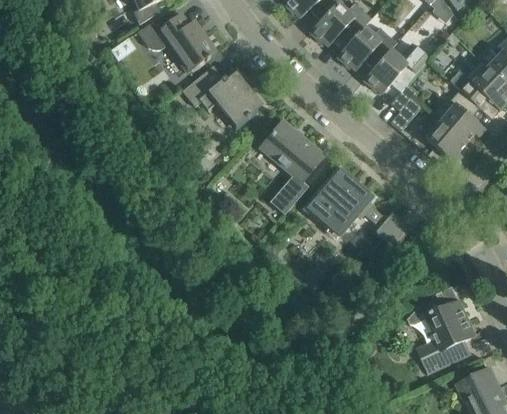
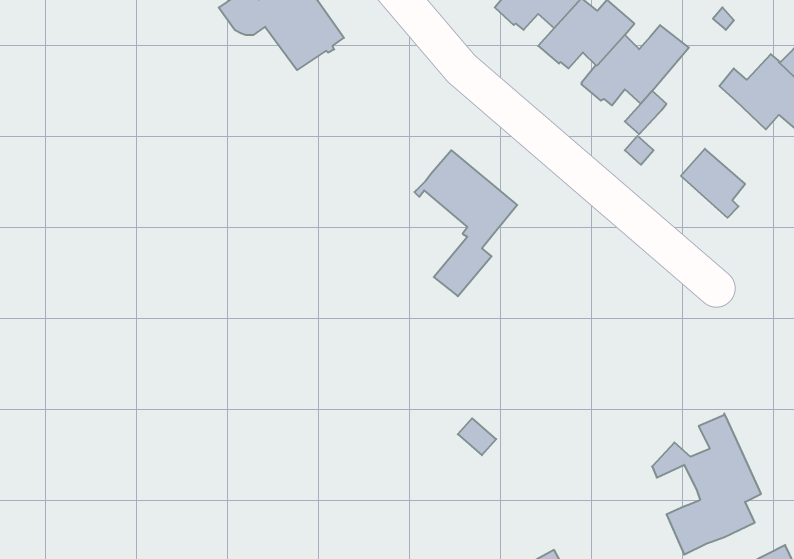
building: [182,65,262,125] -> none
building: [441,90,485,142] -> none
building: [306,167,410,248] -> none

